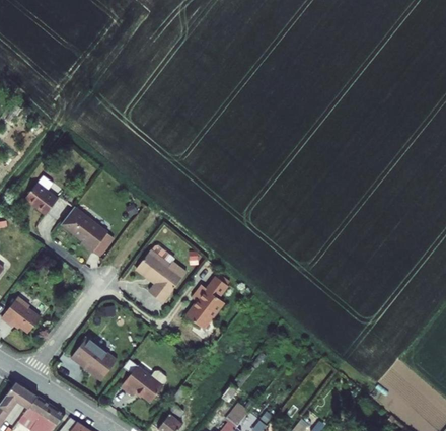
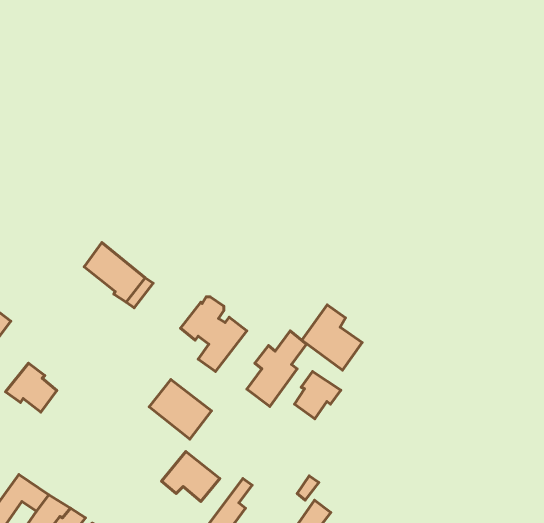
building: [26,182,61,215] -> none
building: none -> [302,305,362,370]
building: none -> [294,372,341,419]
building: [73,338,120,382] -> [149,380,212,439]

